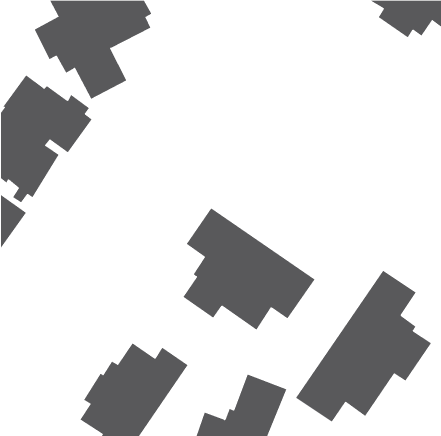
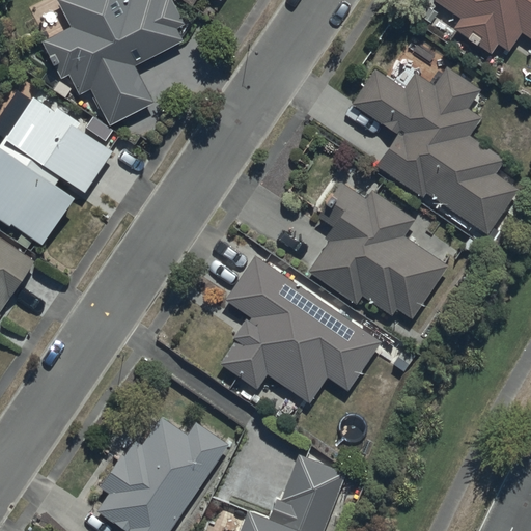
building: none -> [352,66,518,234]
building: none -> [309,181,448,318]
building: [295,270,432,423] -> none

